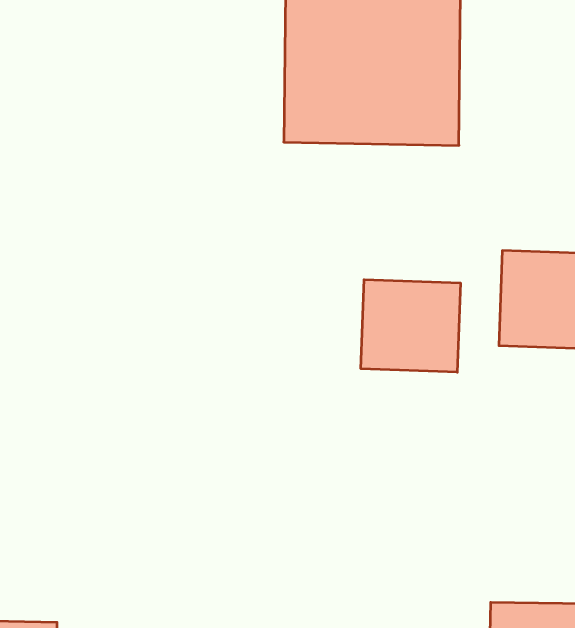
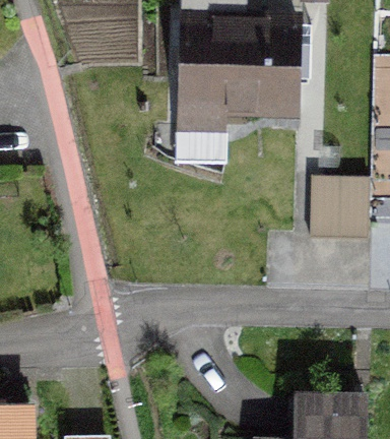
building: [361,280,460,372] -> none

